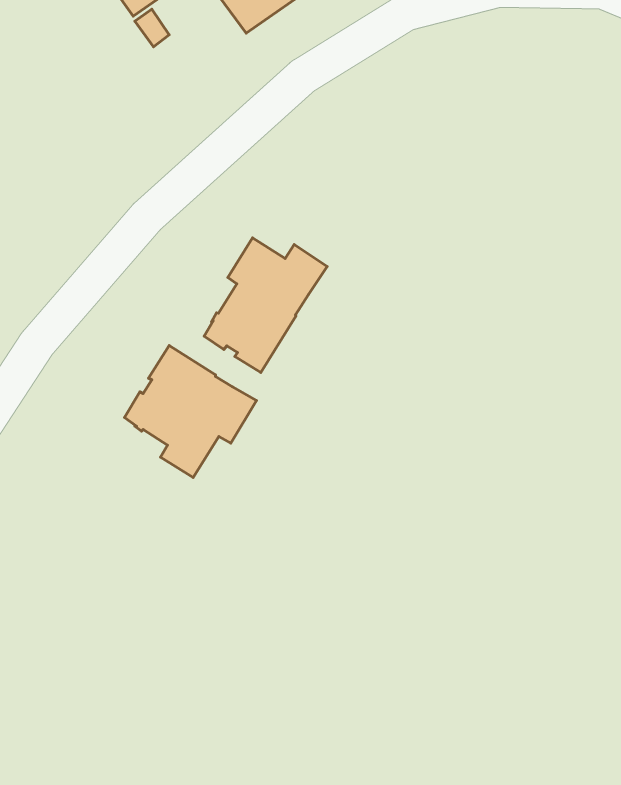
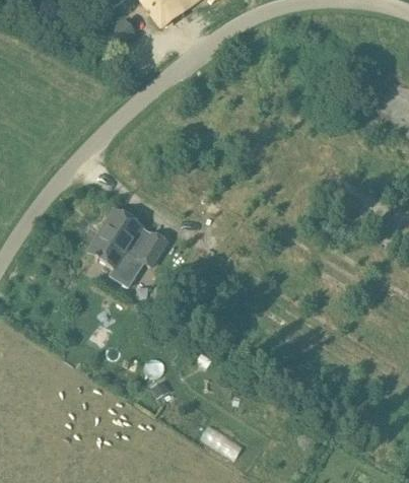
building: [204,238,327,372] -> none

